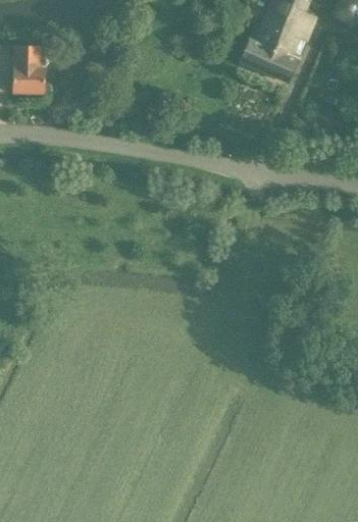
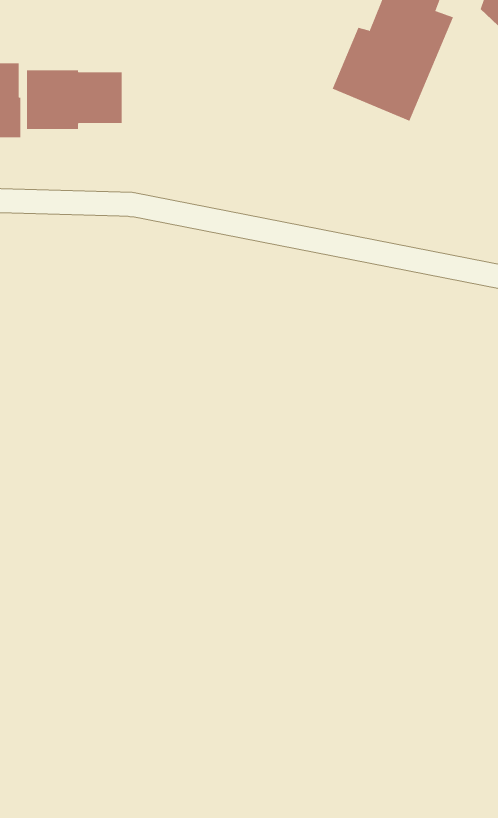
building: none -> [27,70,122,130]

